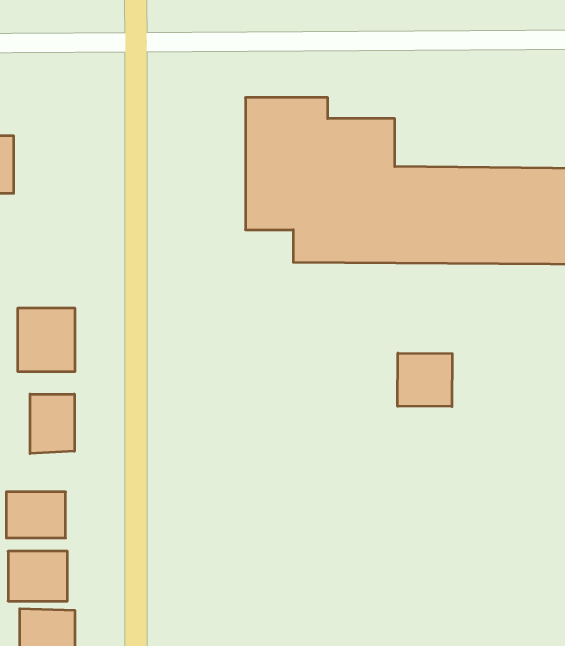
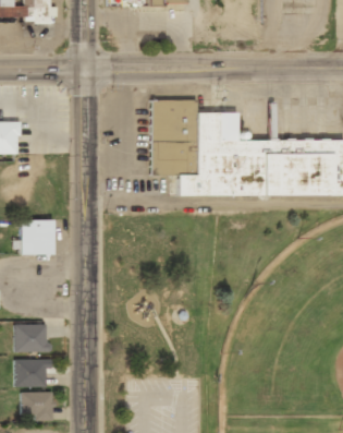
building: [398,353,452,407] -> none
building: [30,394,74,454] -> none

